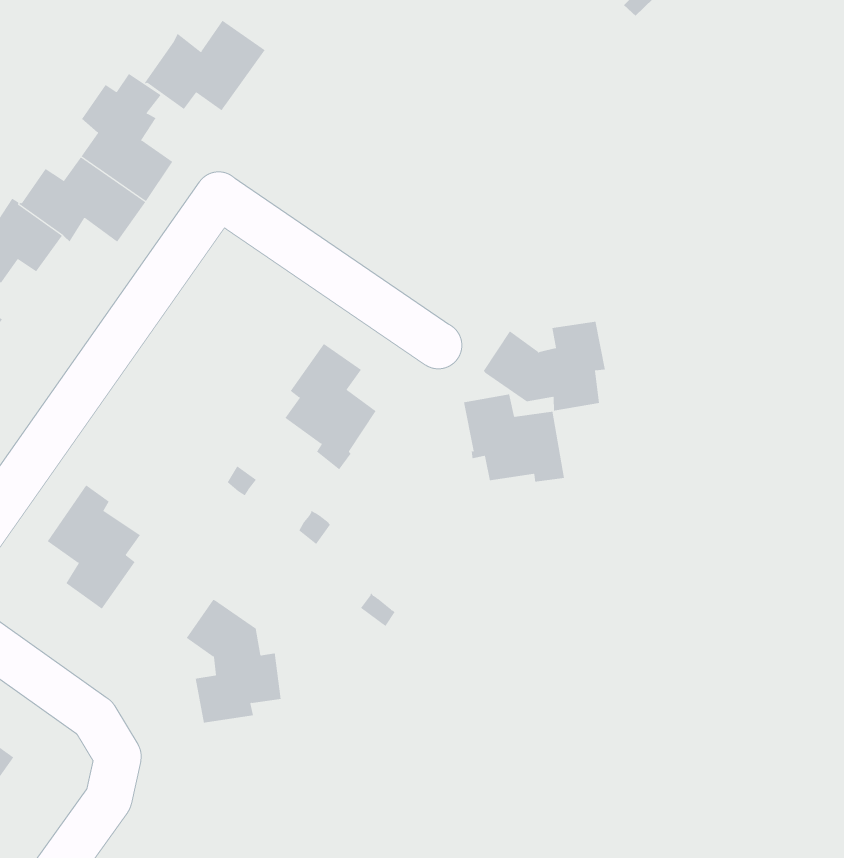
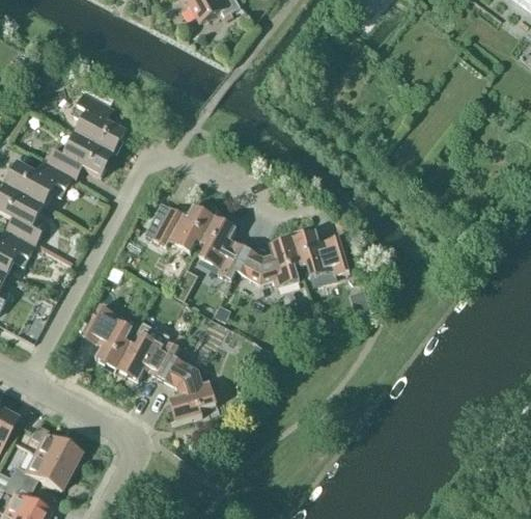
building: [144,20,266,111] -> none
building: none -> [141,203,215,251]
building: [483,321,606,411] -> [235,237,300,286]
building: none -> [116,332,179,380]

